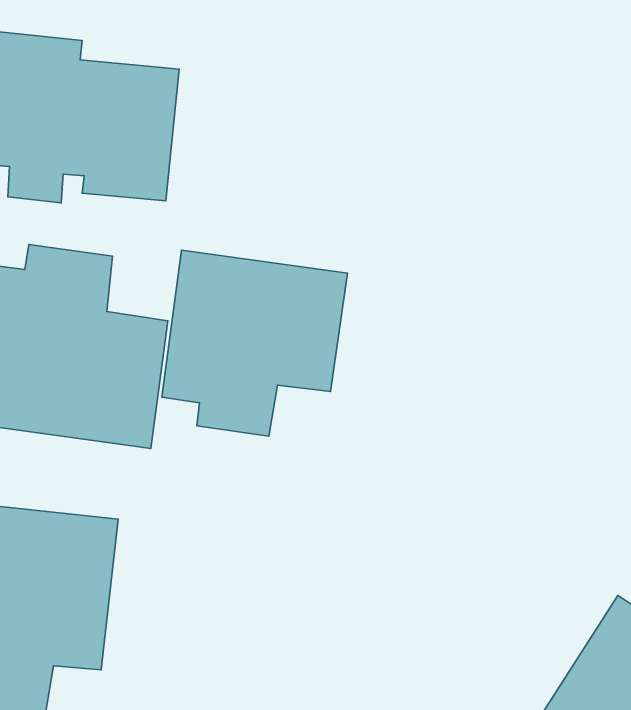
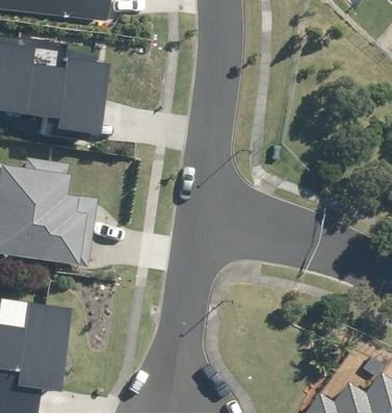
building: [162,250,347,436] -> none

